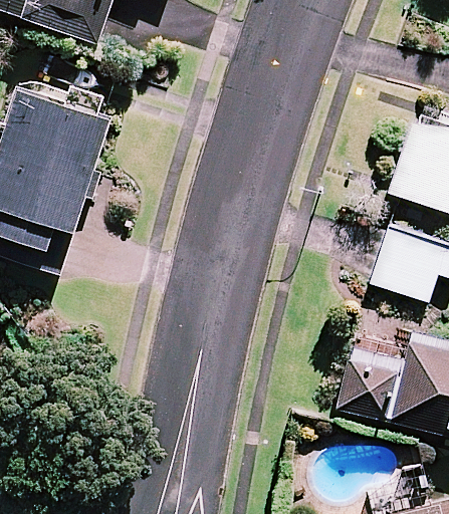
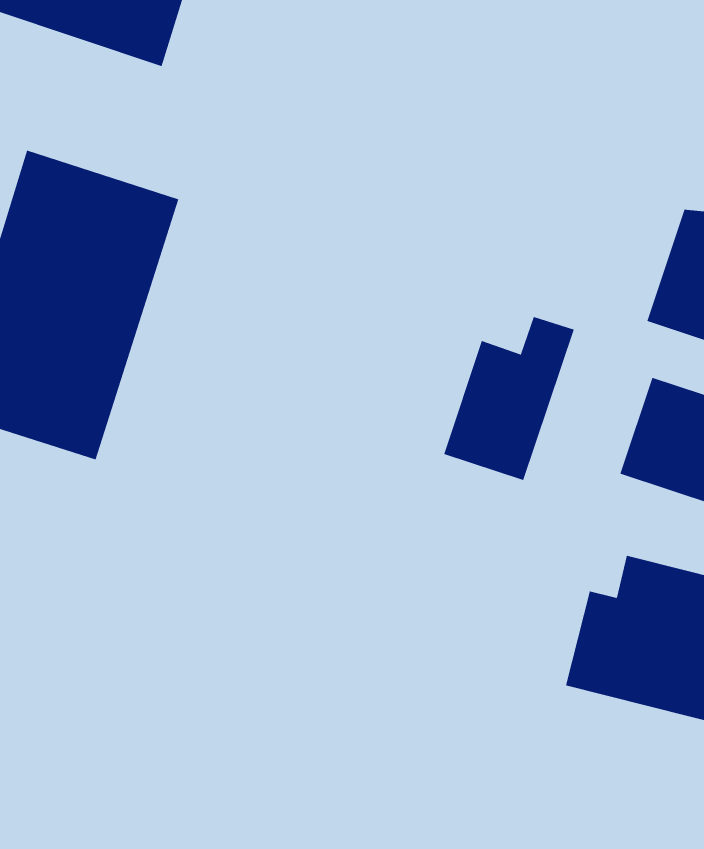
building: none -> [444,316,574,481]

